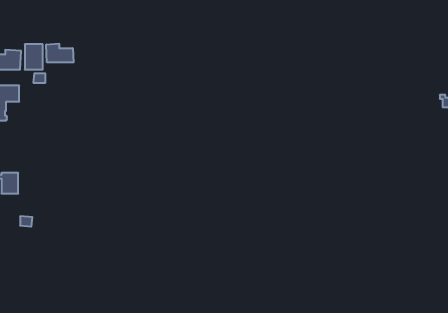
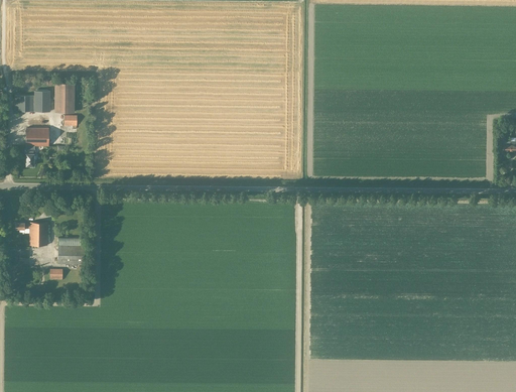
building: [46,44,74,62] -> none
building: none -> [57,244,84,263]

